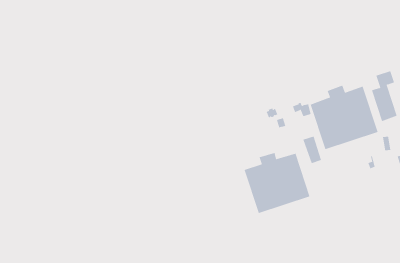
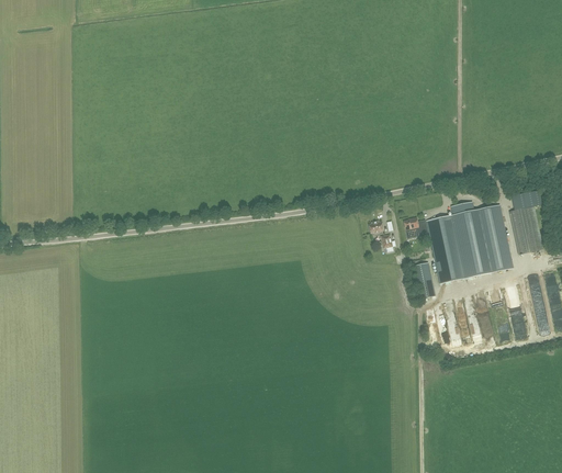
building: [244,152,310,214] -> none

